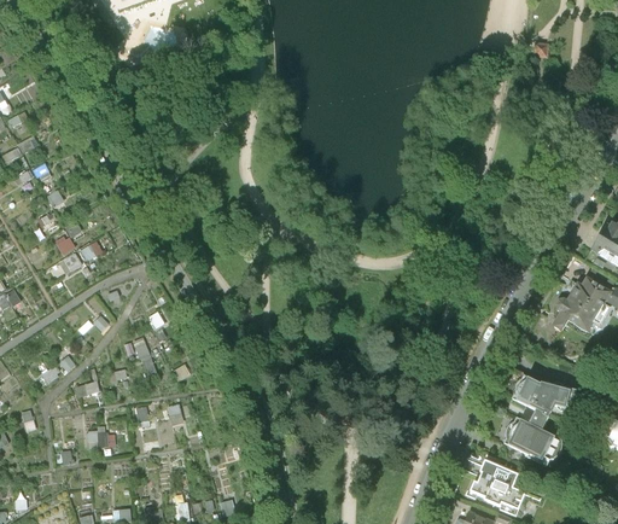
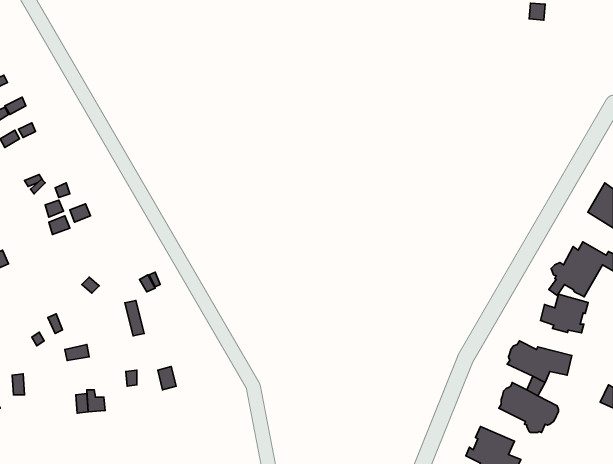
building: none -> [540,294,588,333]

